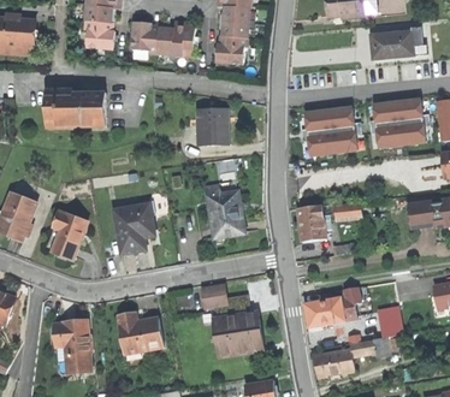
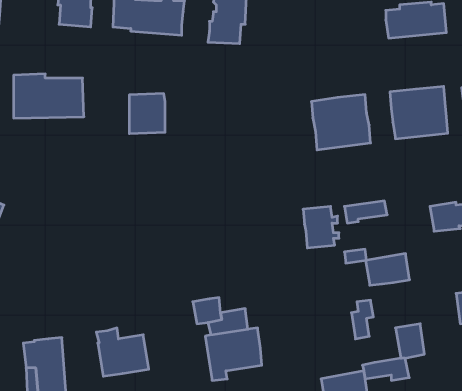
building: [196,109,227,144] -> [129,94,165,134]
building: [207,190,244,239] -> none
building: [113,205,154,254] -> none
building: [49,212,85,261] -> none
building: [304,298,343,326] -> [366,254,410,285]

